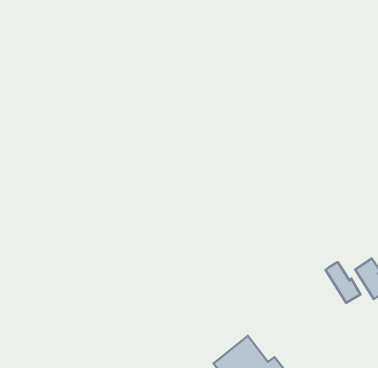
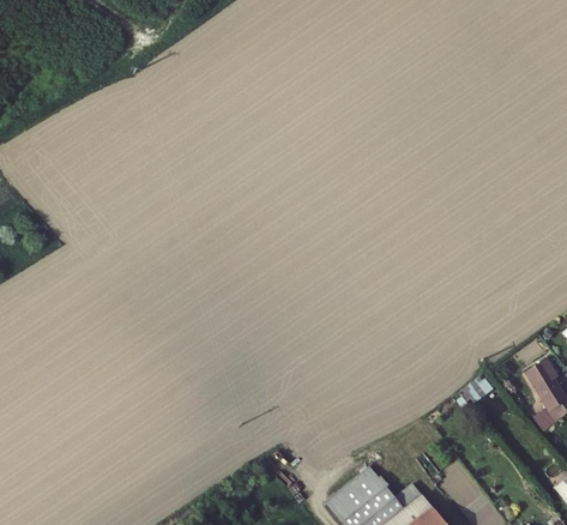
building: [326,262,361,303] -> none

